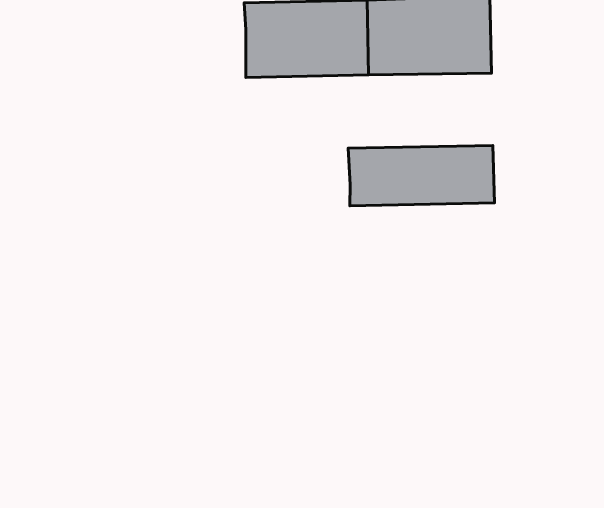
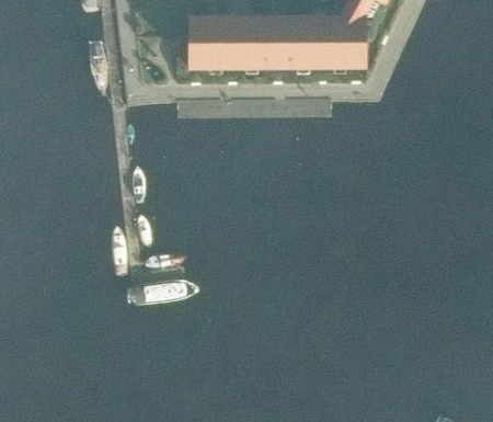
building: [348,145,494,206] -> none

